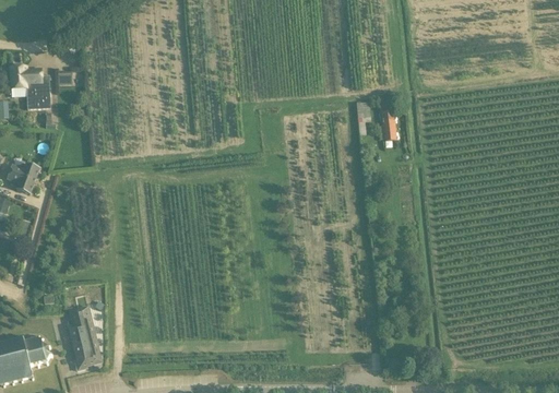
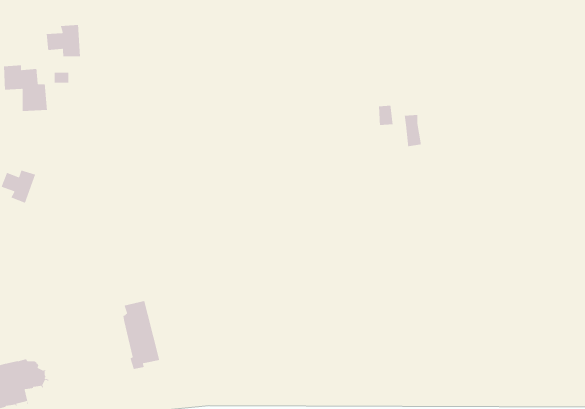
building: none -> [46,24,81,57]
building: [68,306,103,370] -> [122,300,160,370]

